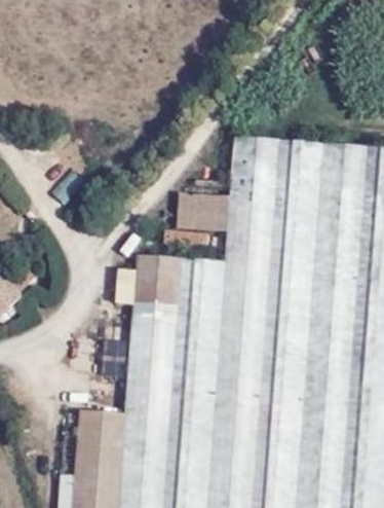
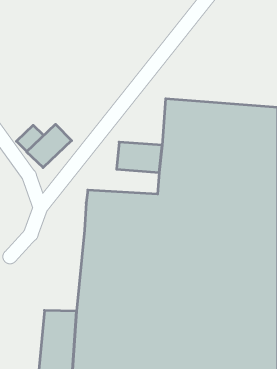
building: none -> [27,124,72,168]

